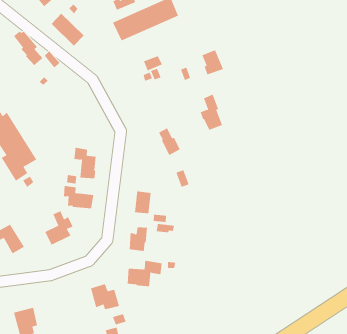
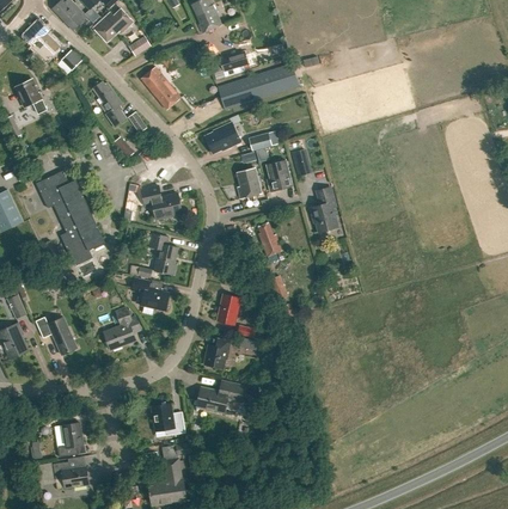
building: [202,50,224,75] -> [267,160,292,190]
building: none -> [206,122,240,152]
building: none -> [237,167,261,198]
building: none -> [141,185,182,219]

